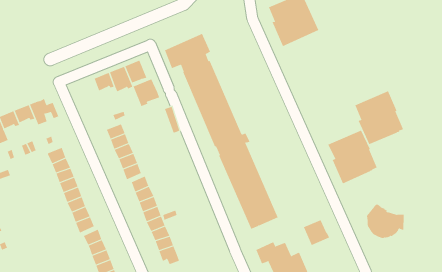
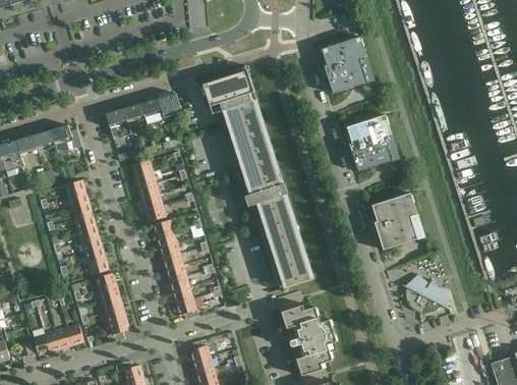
building: none -> [106,108,131,138]
building: [133,78,160,107] -> none
building: [355,91,404,145] -> [347,114,398,171]
building: [303,218,330,246] -> none

